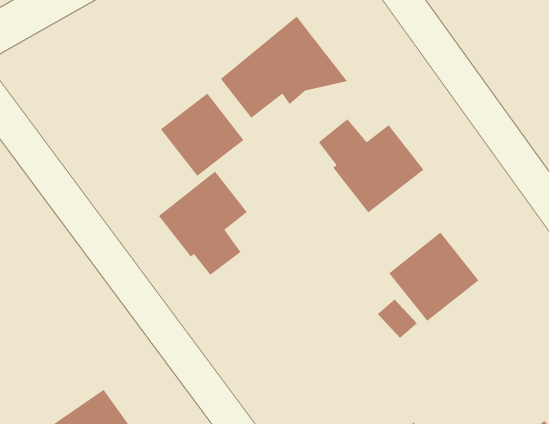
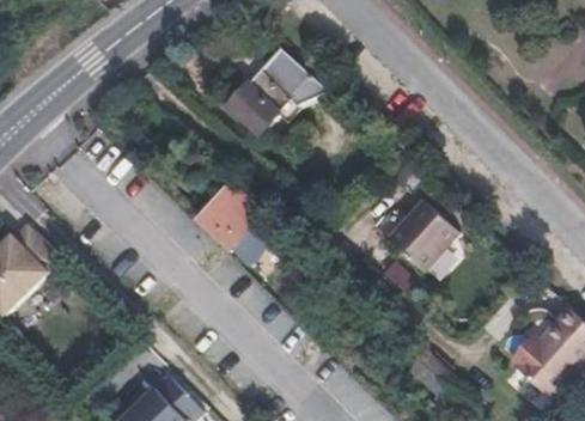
building: [160,92,245,177] -> none
building: [318,118,425,214] -> none

